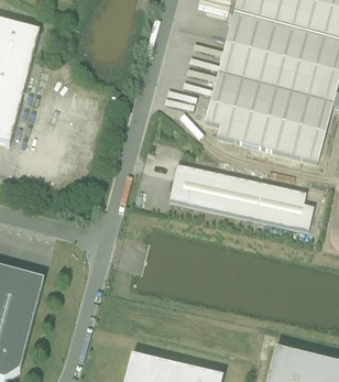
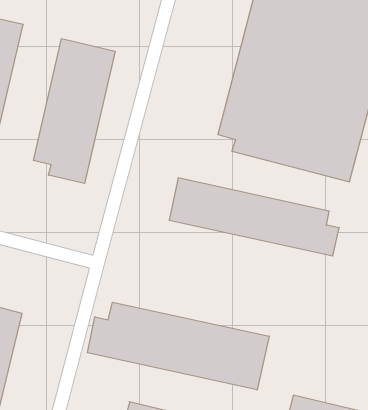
building: none -> [33,39,115,183]
building: none -> [87,302,269,390]

